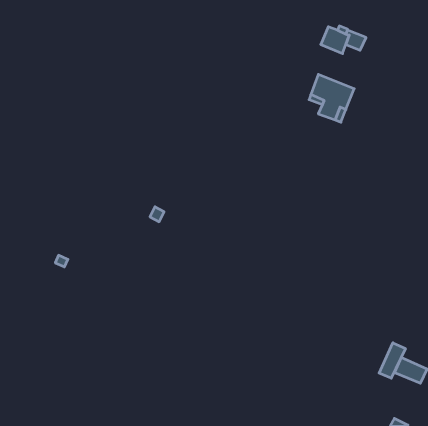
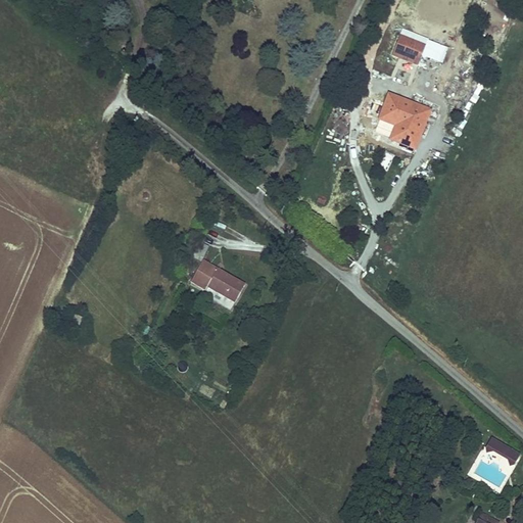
building: none -> [190,258,246,302]
building: [379,343,405,378] -> none

